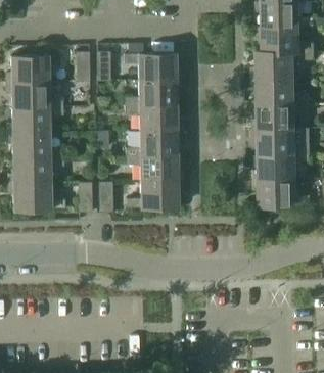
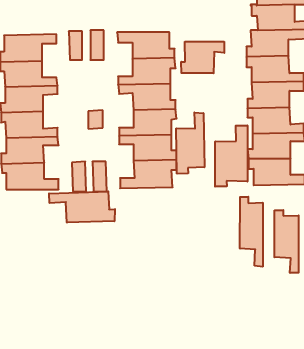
building: none -> [181,42,224,73]
building: none -> [176,112,204,174]
building: none -> [215,125,247,187]
building: none -> [49,191,115,223]
building: none -> [240,197,263,267]
building: none -> [274,210,299,273]

